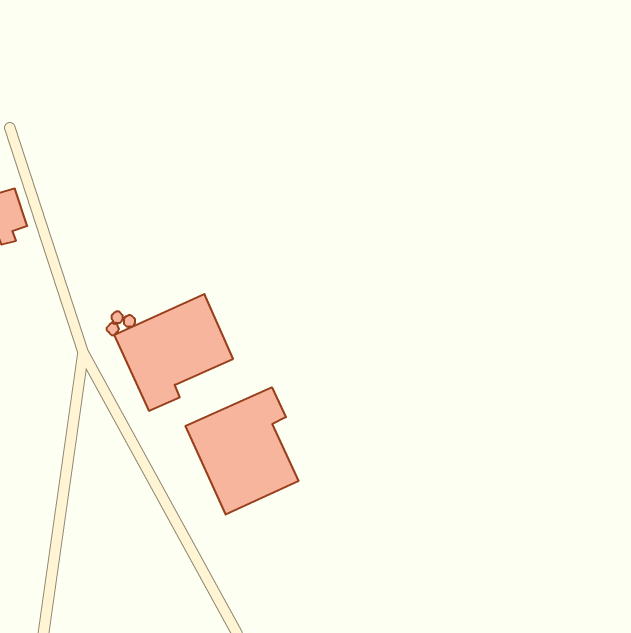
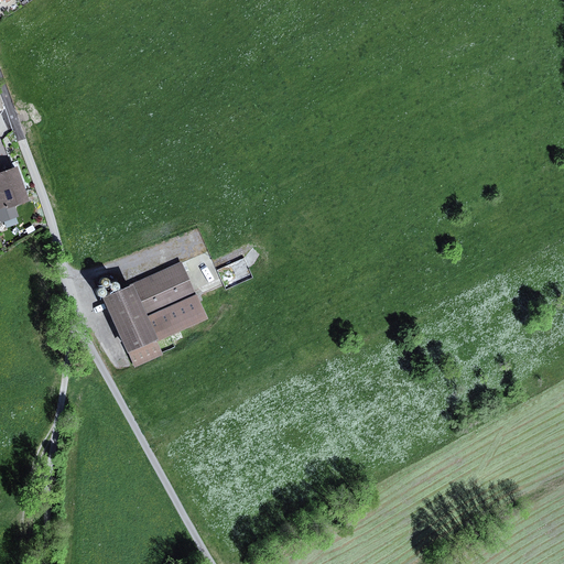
building: [186,387,298,515] -> none

